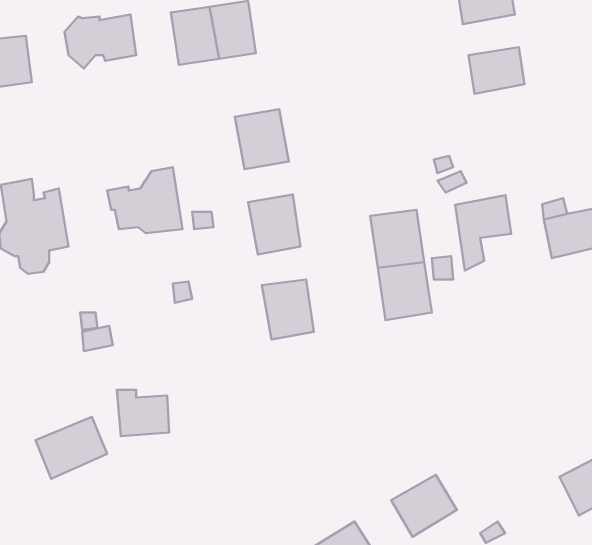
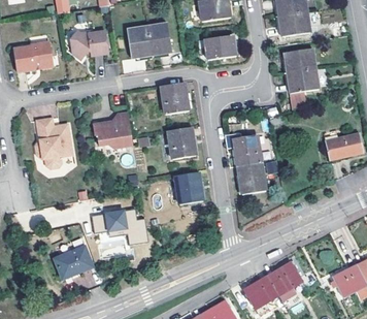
building: none -> [205,34,236,58]
building: [455,195,511,271] -> [289,67,319,107]
building: none -> [92,206,147,243]
building: none -> [268,262,302,294]

